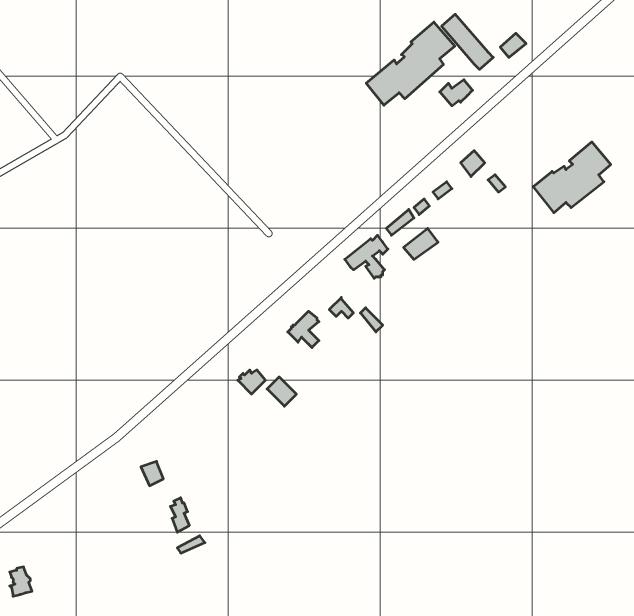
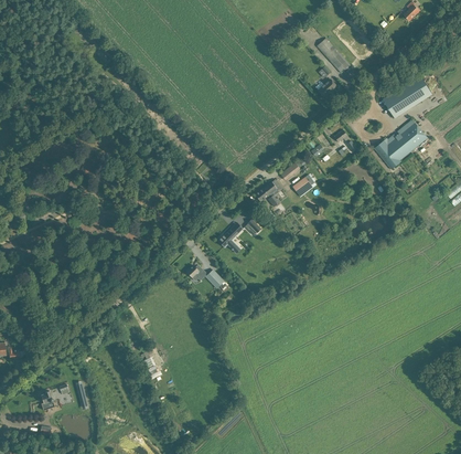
building: [366,22,455,105] -> none
building: none -> [383,76,431,118]

